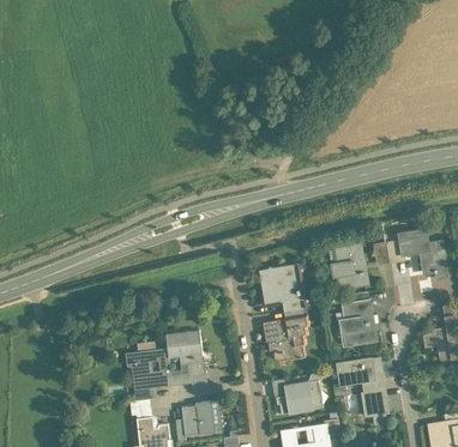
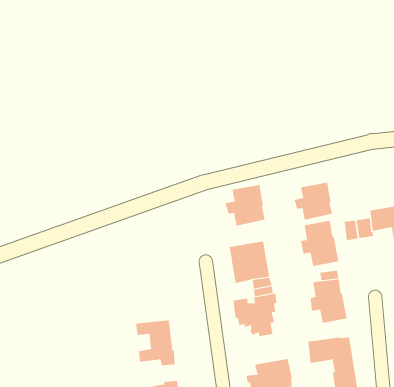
building: none -> [294,182,333,220]
building: none -> [225,184,265,226]
building: [131,348,170,400] -> none

